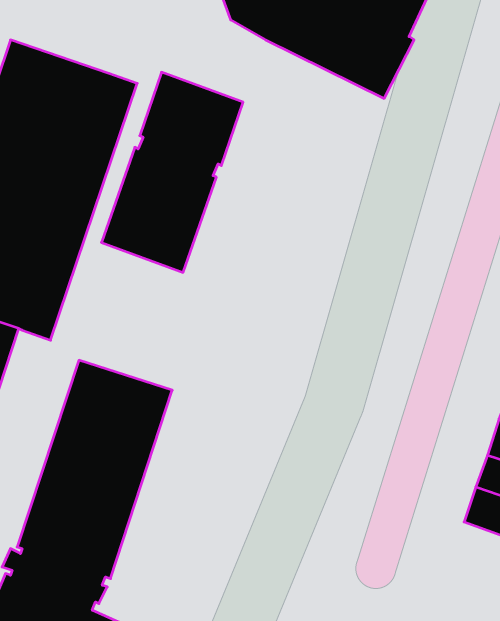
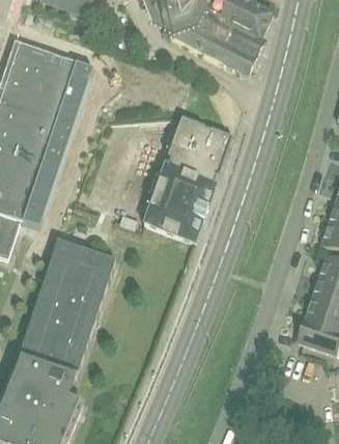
building: [101,72,243,272] -> [144,115,232,240]

